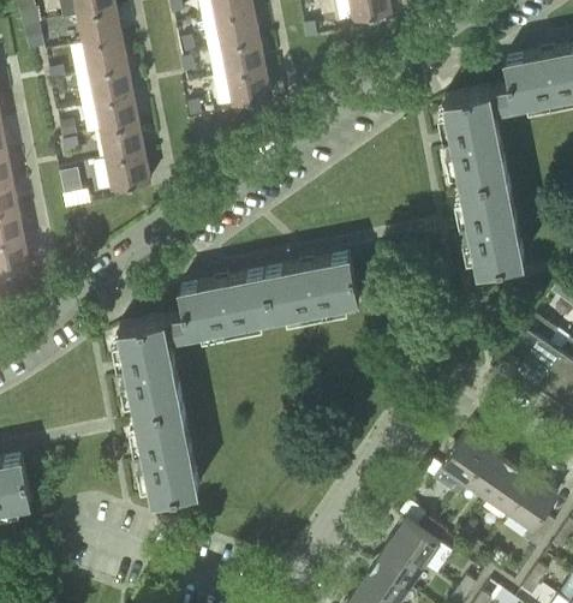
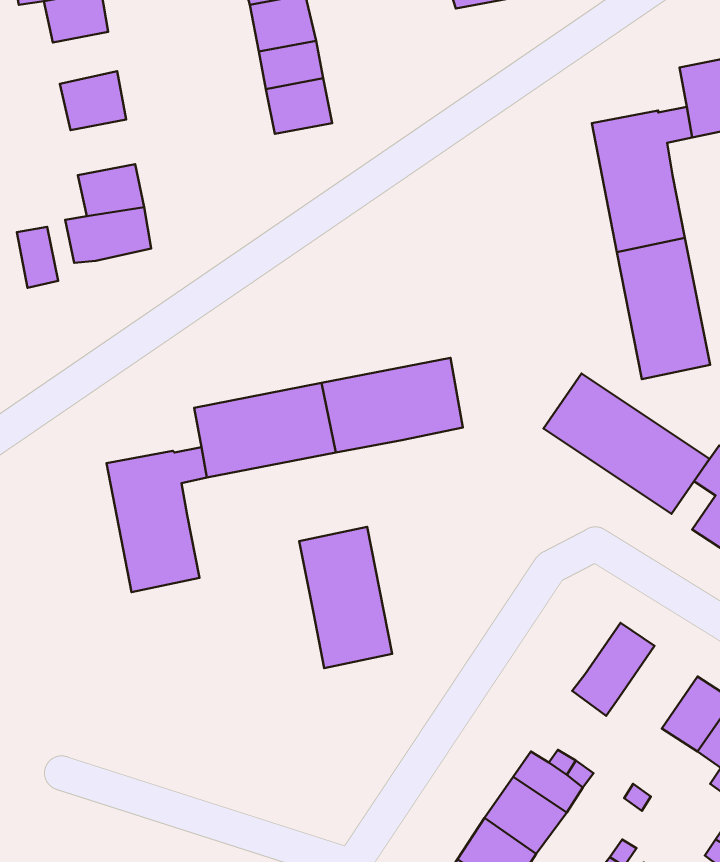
building: [83,40,126,74] -> none
building: [95,98,138,136] -> none
building: none -> [543,374,709,514]
building: [136,406,198,501] -> [299,527,392,668]
building: [462,452,515,507] -> none

